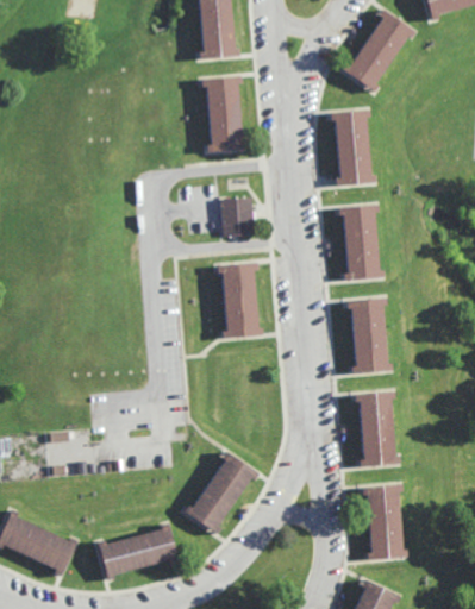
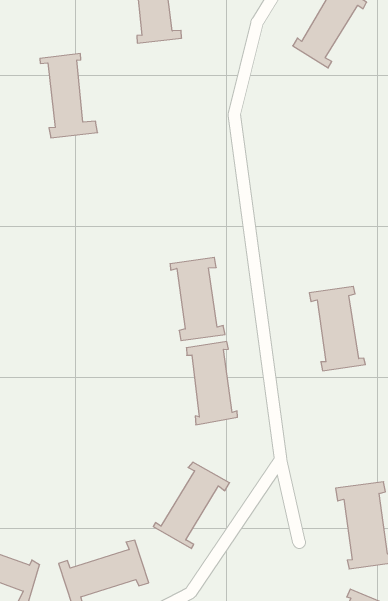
building: [201,76,251,153] -> [40,54,98,138]
building: [329,107,376,186] -> none
building: [218,197,249,237] -> none
building: [337,205,386,281] -> none
building: [356,391,400,467] -> [186,342,237,425]

